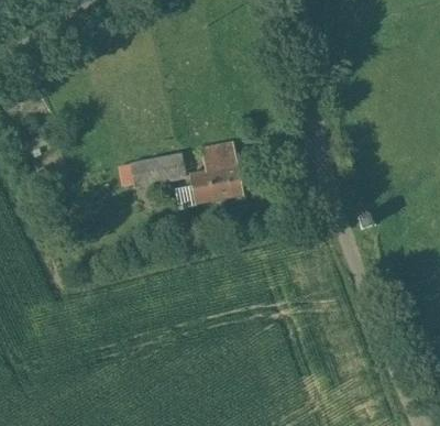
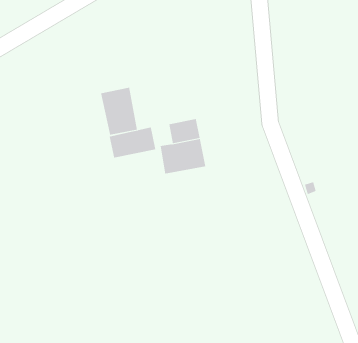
building: none -> [100,87,138,136]

